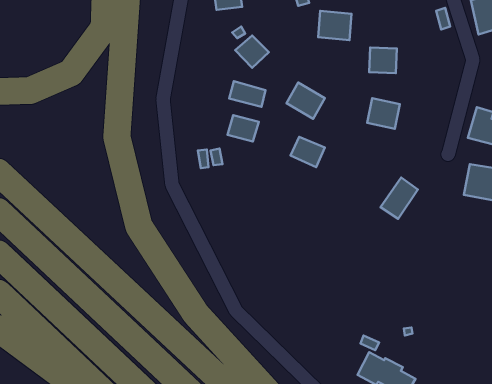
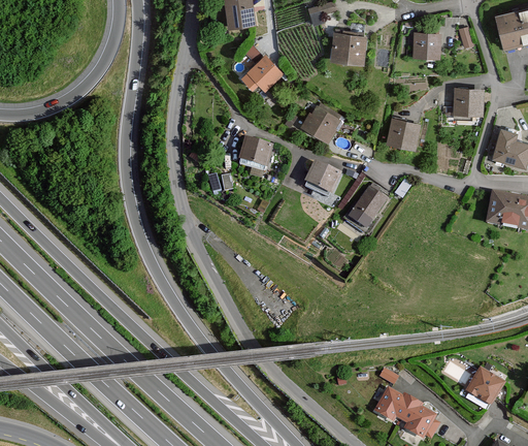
building: [369,47,397,73] -> [414,30,442,57]
building: none -> [453,90,482,117]
building: [229,81,266,107] -> none
building: [380,178,418,219] -> [348,187,387,230]
building: none -> [467,368,506,406]

